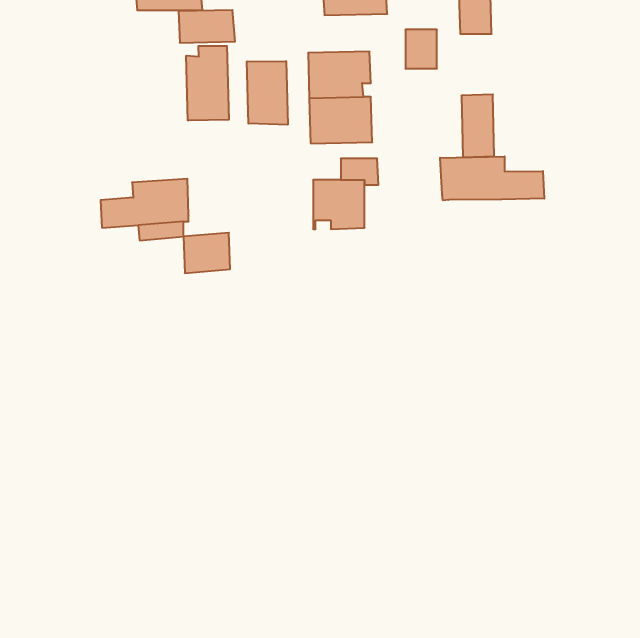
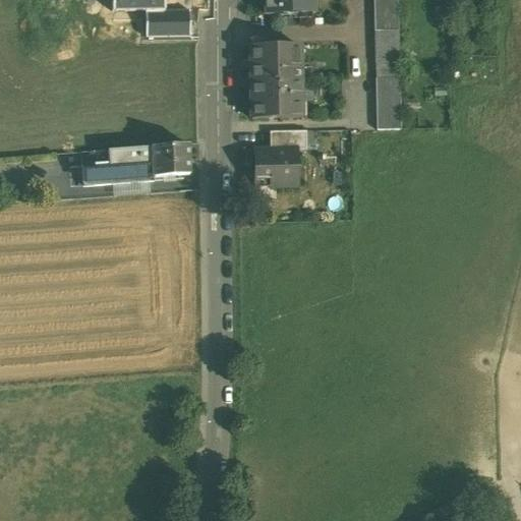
building: [405,30,437,69] -> [374,27,400,59]
building: [186,46,229,121] -> none
building: [247,61,288,125] -> none
building: [440,156,544,200] -> none
building: [184,233,230,273] -> [154,141,191,174]

